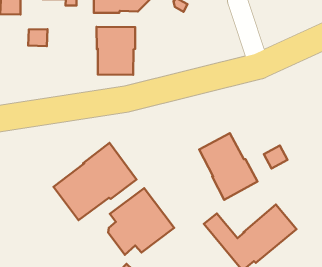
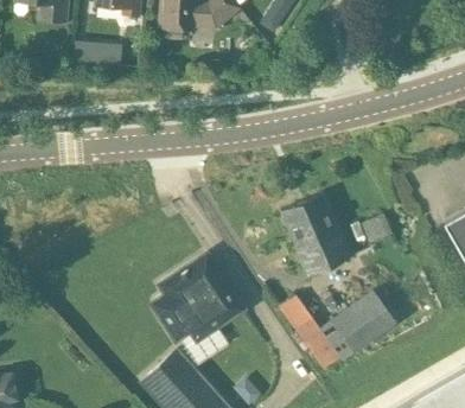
building: [97,27,135,75] -> none
building: [54,143,136,220] -> none

